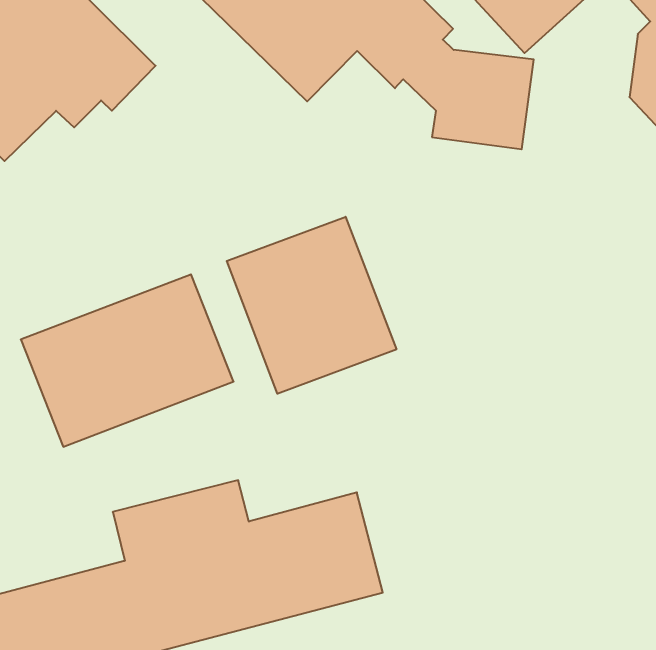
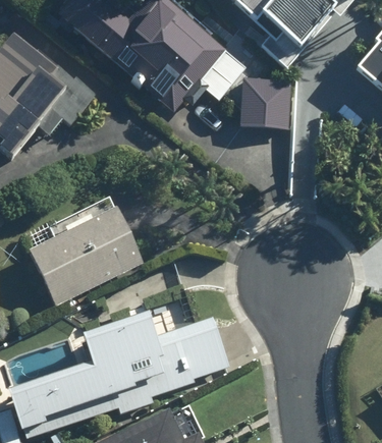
building: [227,217,396,394] -> none

